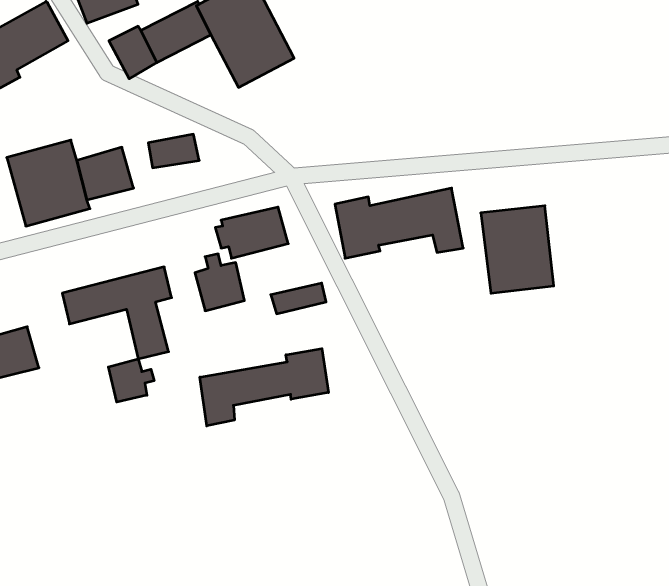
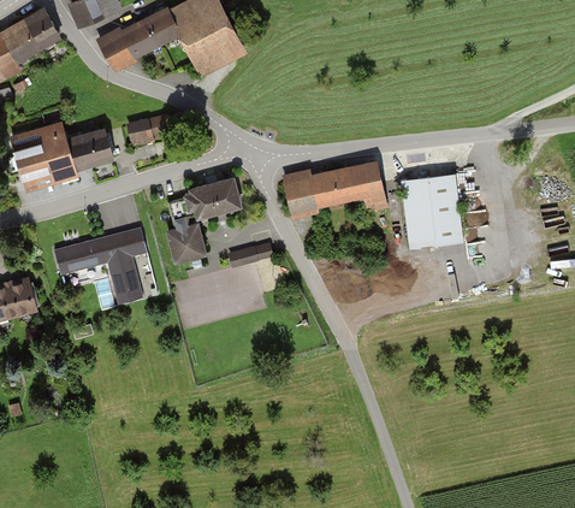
building: [200,349,328,426] -> none
building: [108,359,154,402] -> none

